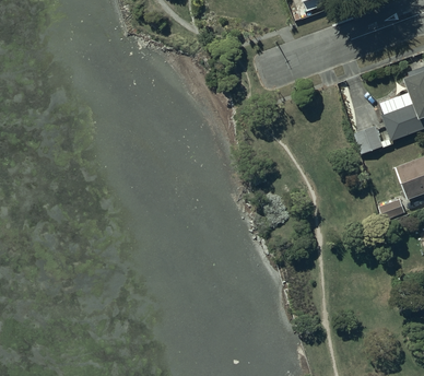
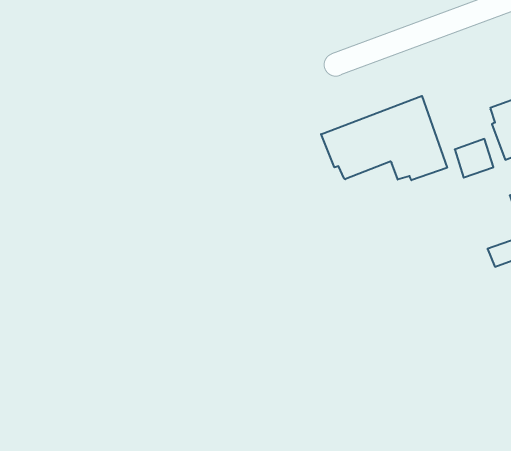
building: none -> [321,96,447,180]

